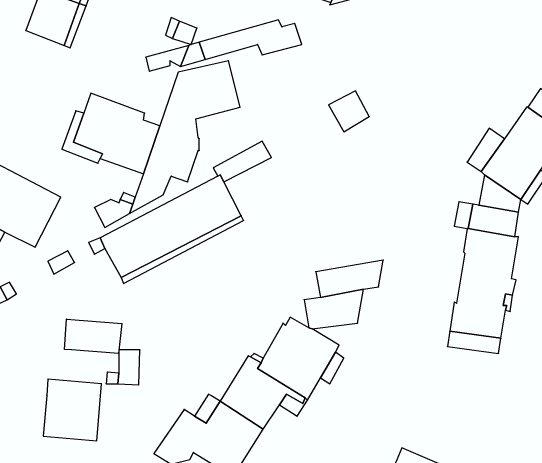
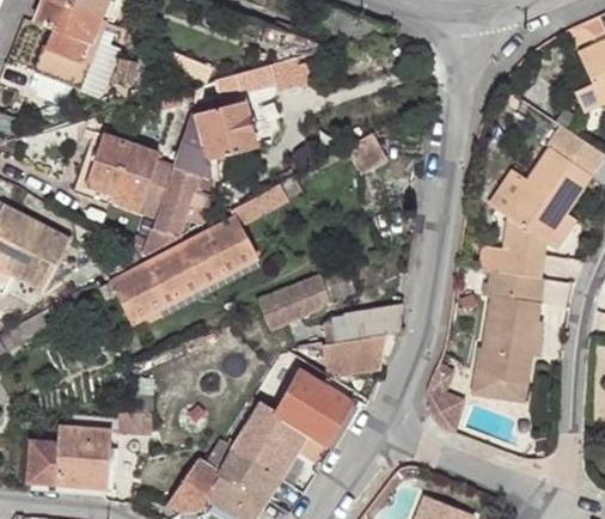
building: none -> [279,273,324,320]
building: [65,319,122,354] -> none
building: none -> [25,440,57,484]

